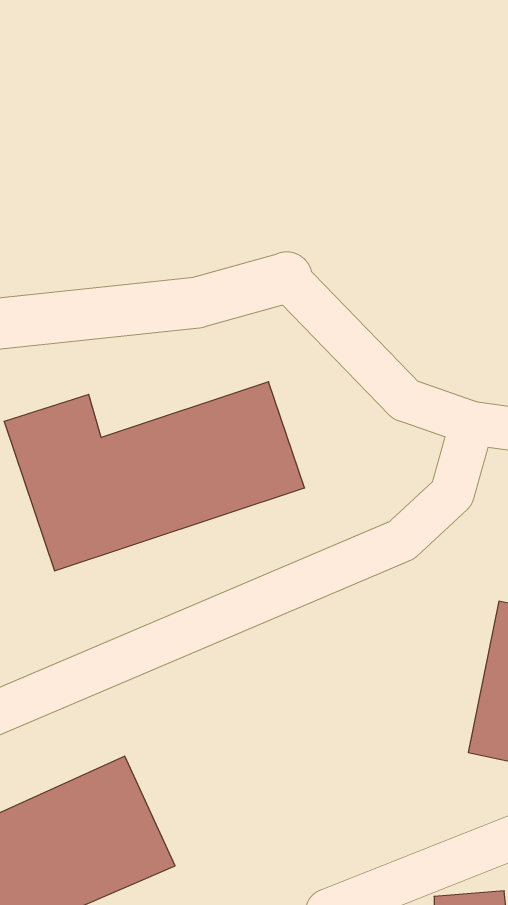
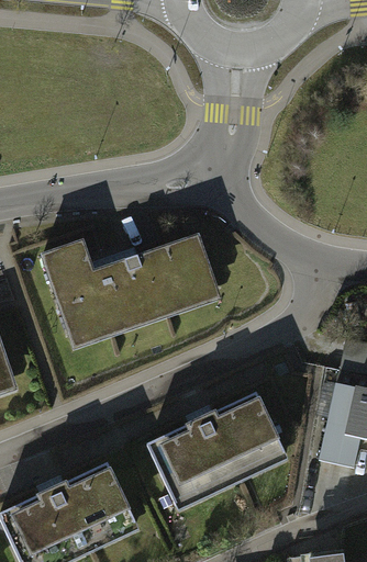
building: none -> [140,390,289,510]

